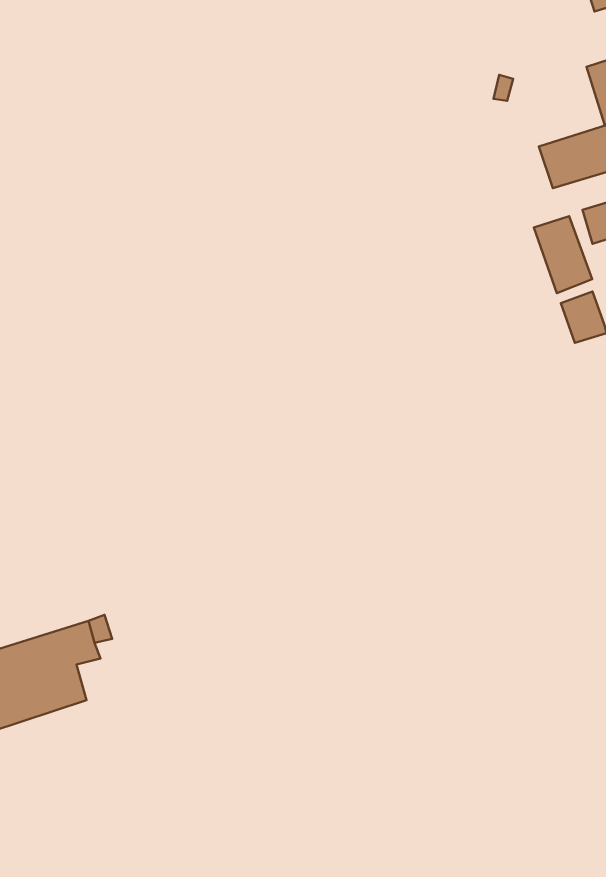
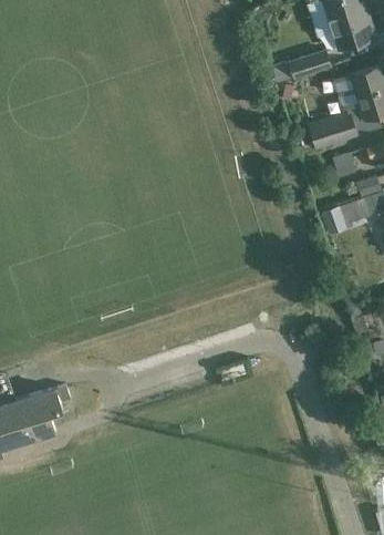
building: none -> [270,52,330,85]
building: [534,216,592,293] -> none

